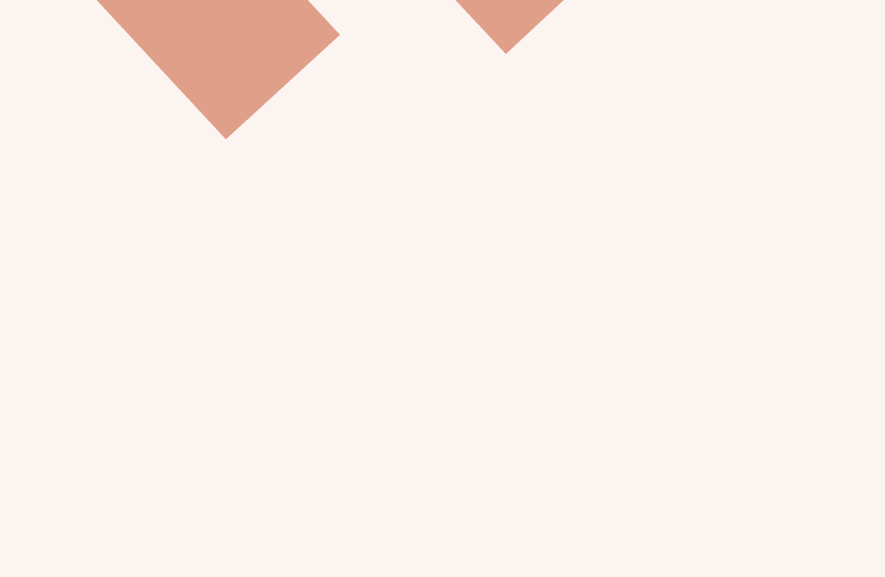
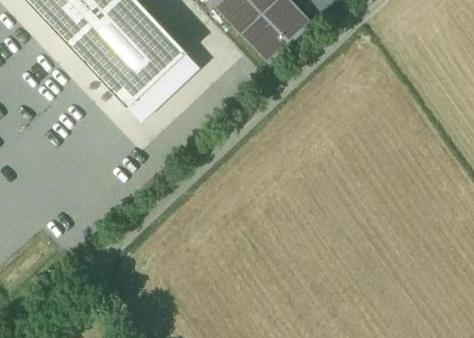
building: none -> [126,52,197,120]

